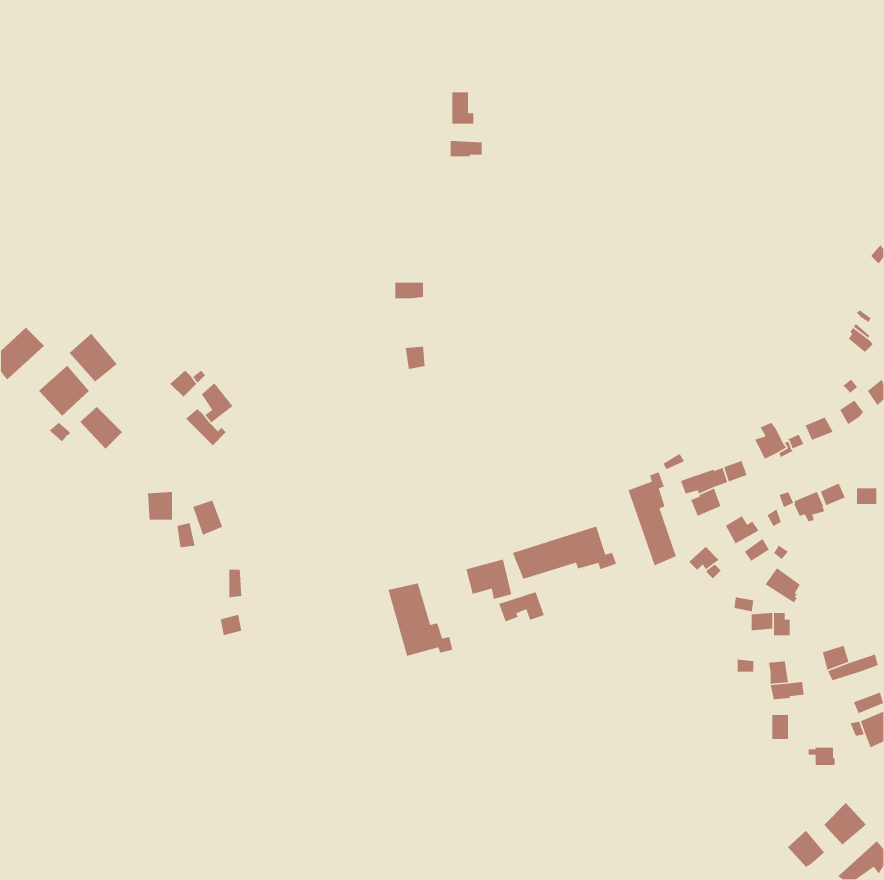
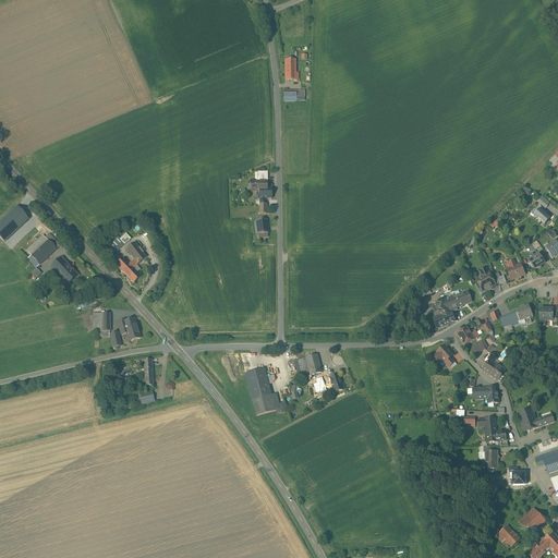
building: [69,333,118,382] -> none
building: [627,471,677,566] -> none
building: [512,526,617,580] -> none

